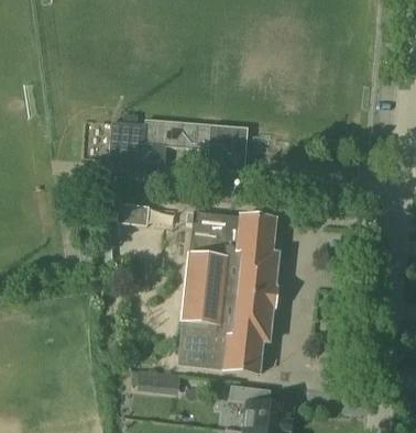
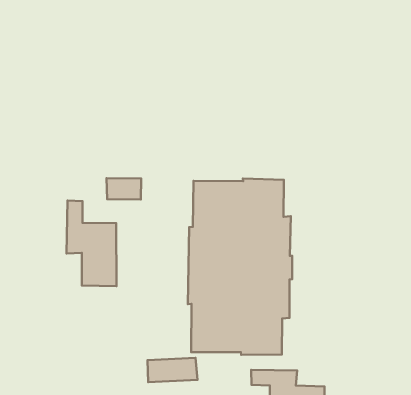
building: [108,119,248,173] -> none
building: none -> [67,201,117,286]

